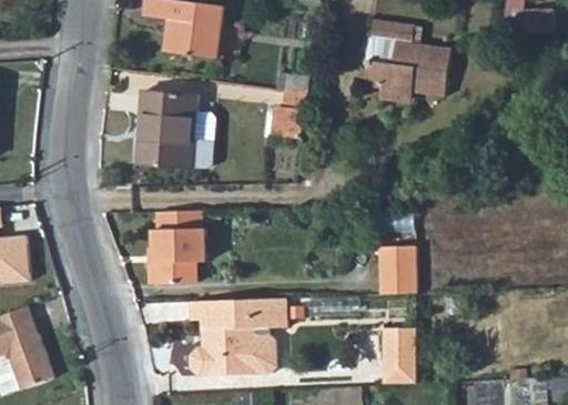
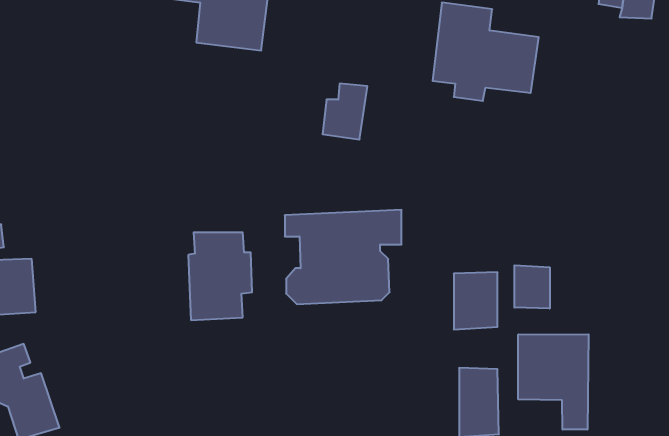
building: [136,93,212,170] -> none
building: none -> [514,265,550,309]
building: [189,297,286,376] -> [285,210,402,304]
building: none -> [518,334,589,430]

